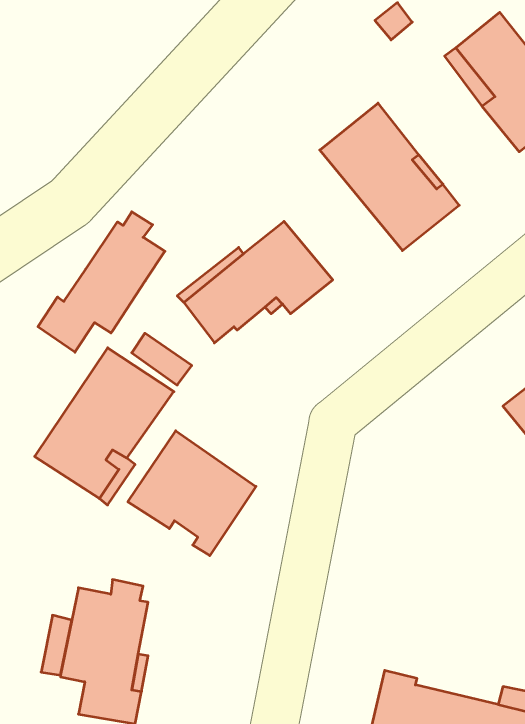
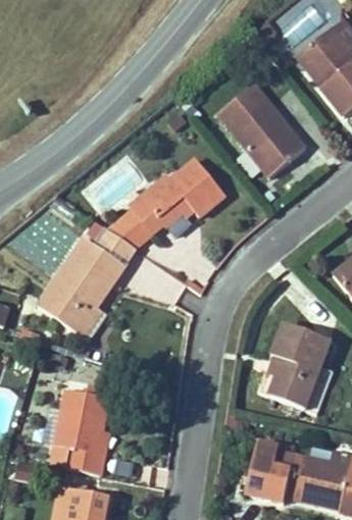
building: [38,212,165,352] -> none
building: [128,431,256,556] -> none
building: none -> [258,322,334,413]

